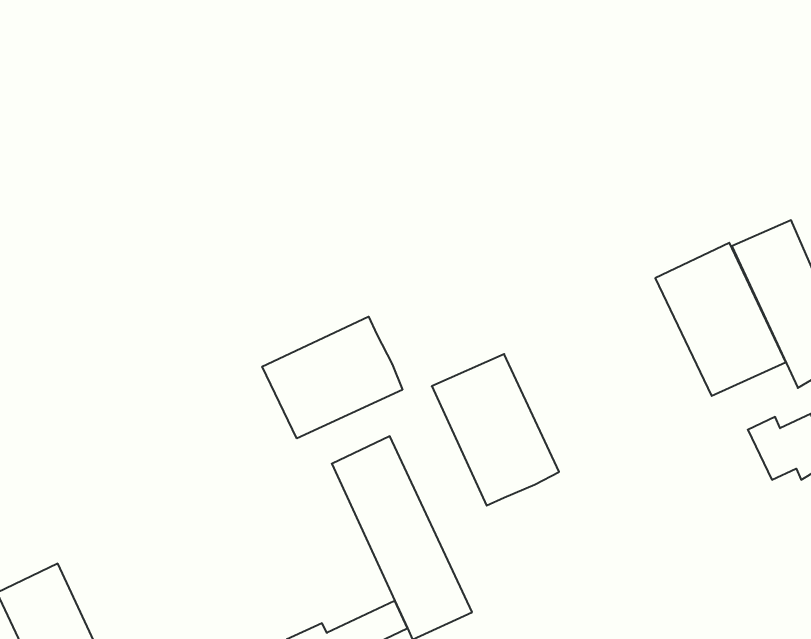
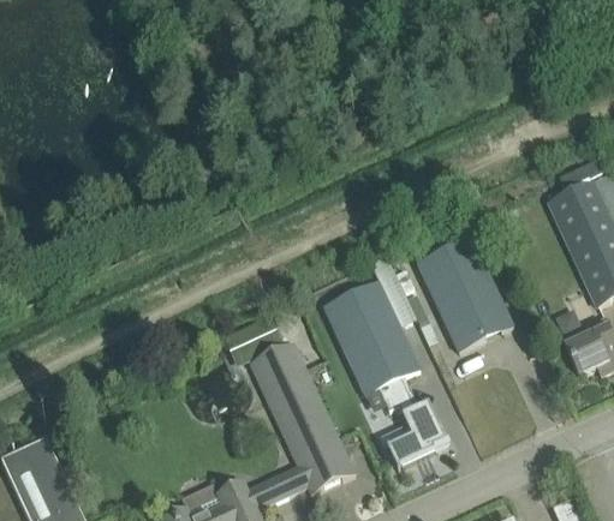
building: [655,243,786,396] -> [416,235,513,349]
building: [262,317,402,438] -> none
building: none -> [378,377,446,467]

